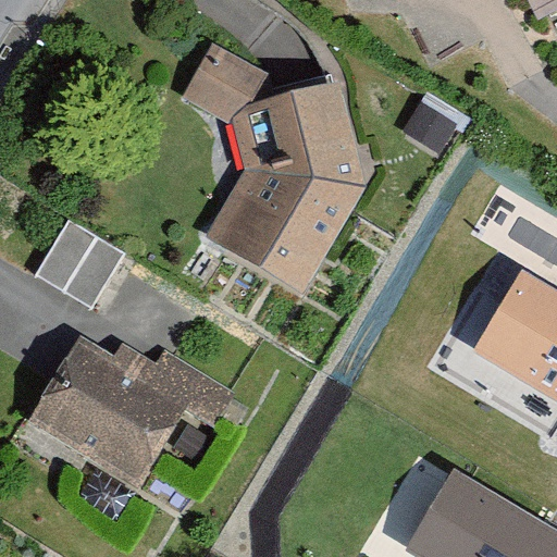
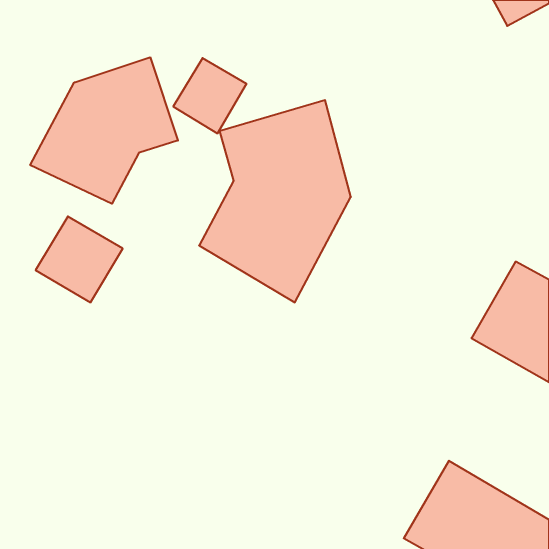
building: none -> [30,57,178,204]
building: [30,334,236,486] -> none

